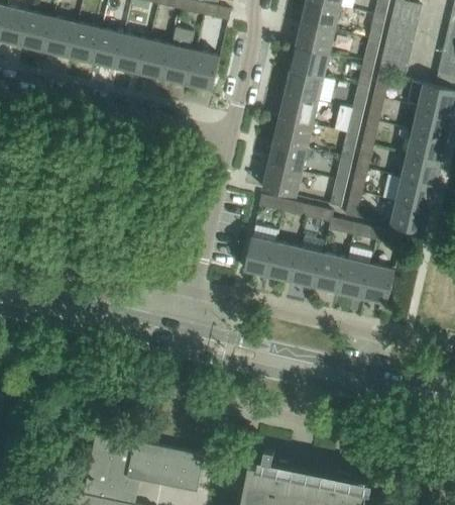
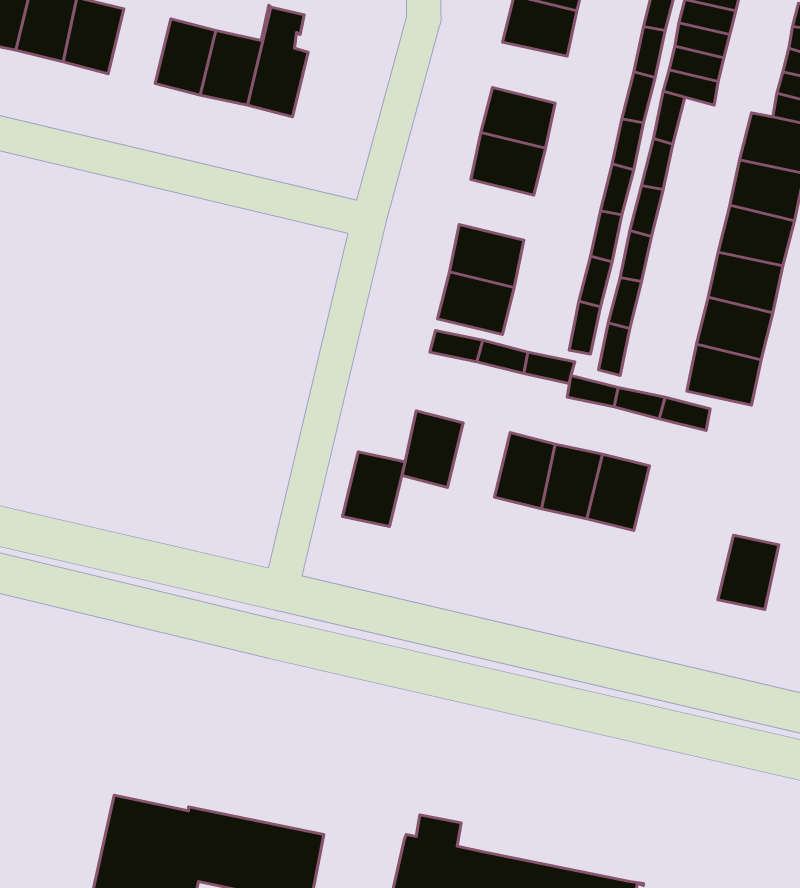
building: [93,30,125,69] -> none
building: [291,47,329,79] -> none
building: [188,53,220,91] -> none
building: [273,118,312,149] -> none
building: [267,243,300,282] -> [343,452,405,526]
building: [363,266,394,304] -> [718,535,779,610]

